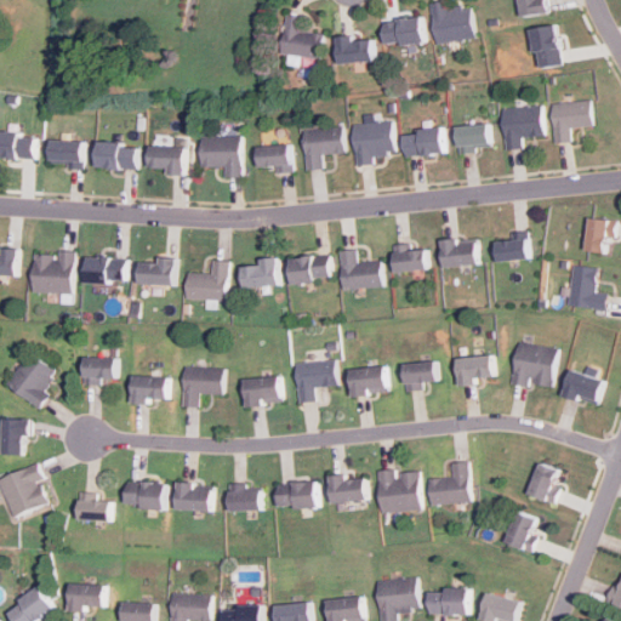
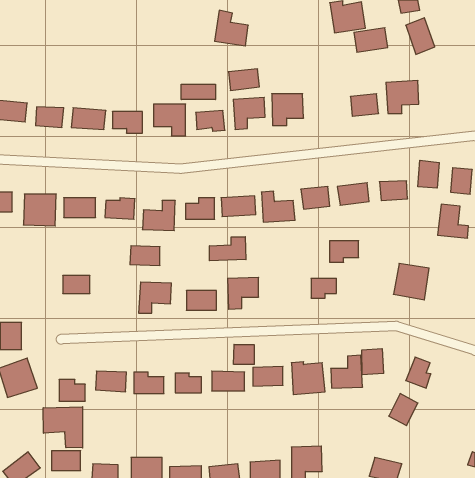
building: [380,17,423,49] -> [354,28,388,52]
building: [334,38,374,65] -> [228,69,259,90]
building: [549,101,592,142] -> none
building: none -> [181,84,215,100]
building: [400,127,444,156] -> none
building: none -> [418,160,439,188]
building: none -> [209,237,246,261]
building: [5,352,57,406] -> none
building: [455,355,492,383] -> [330,241,359,262]
building: [348,366,386,393] -> none
building: [559,369,603,406] -> none
building: [129,376,167,401] -> [130,246,160,265]
building: none -> [234,344,254,364]
building: none -> [362,349,384,375]
building: none -> [43,407,83,448]
building: [426,588,468,614] -> none

